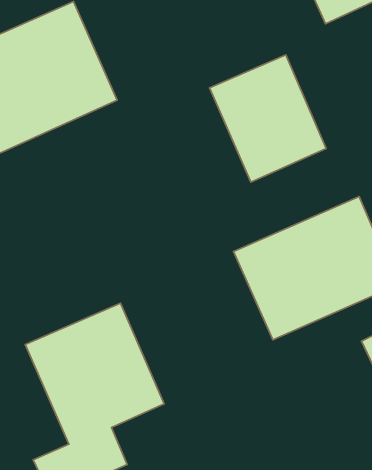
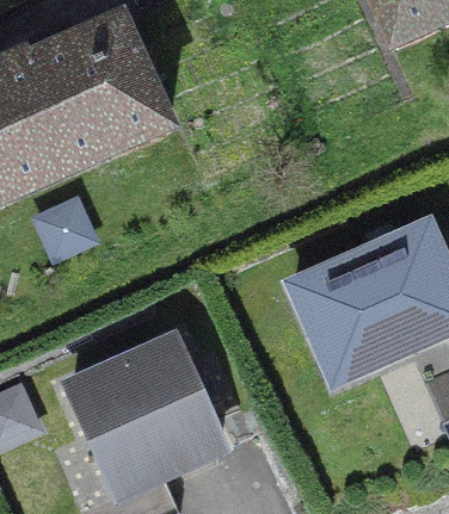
building: [210,55,326,182] -> none

